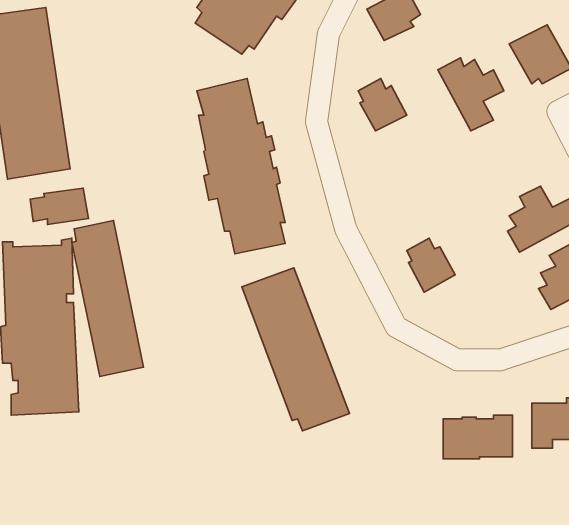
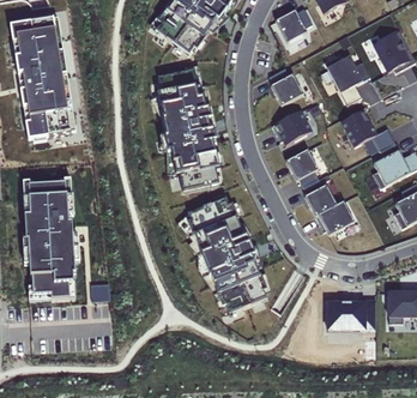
building: none -> [271,110,310,144]
building: none -> [342,110,394,151]
building: [30,188,89,224] -> none
building: none -> [285,149,318,187]
building: [72,220,144,377] -> none
building: none -> [314,200,353,235]

